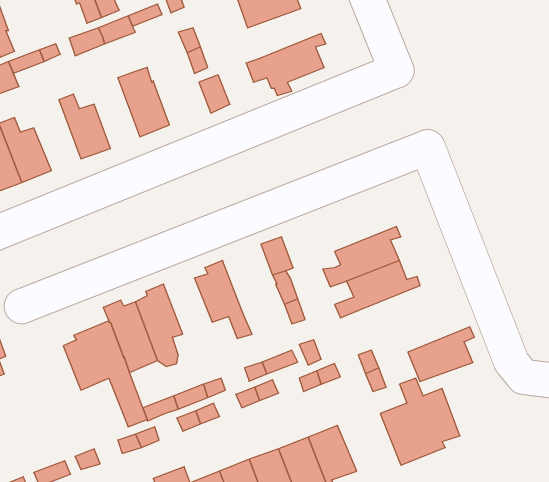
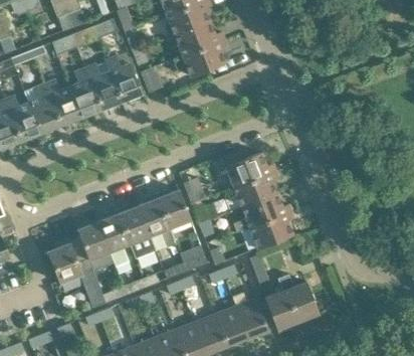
building: none -> [174,21,224,55]
building: none -> [105,56,142,101]
building: none -> [69,68,100,117]
building: none -> [28,83,60,132]
building: none -> [225,152,275,187]
building: none -> [157,189,191,227]
building: none -> [117,204,156,257]
building: [408,327,474,381] -> [249,210,294,247]
building: none -> [235,298,269,337]

